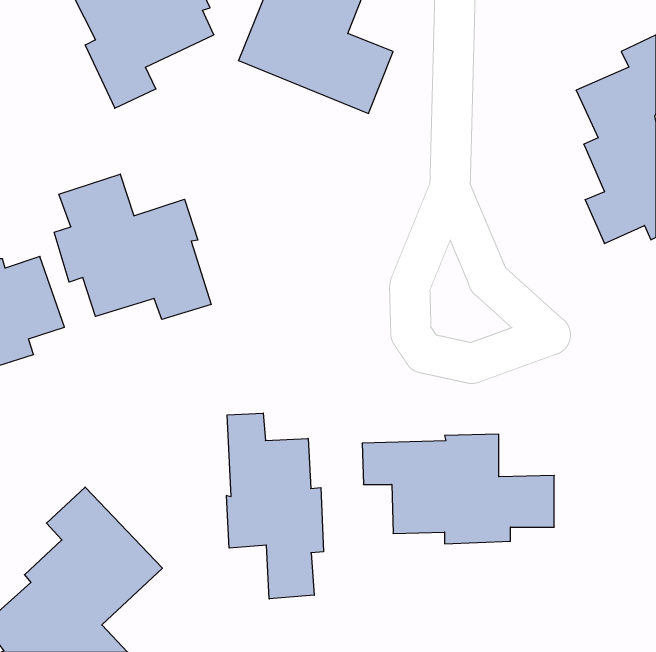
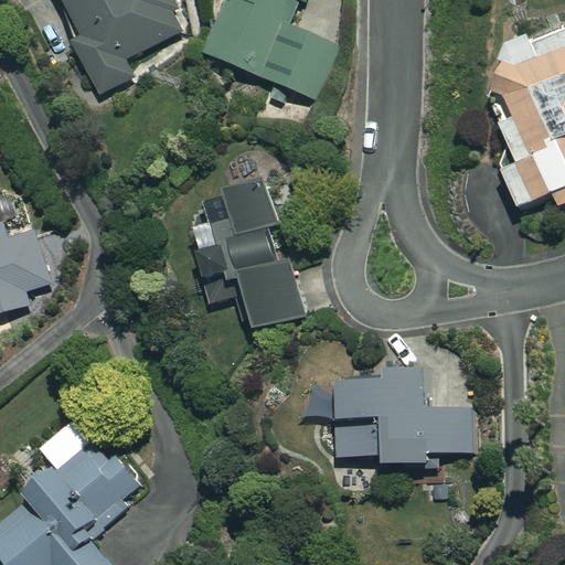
building: [54,174,211,319] -> none
building: none -> [192,181,303,328]
building: [227,413,323,599] -> none

